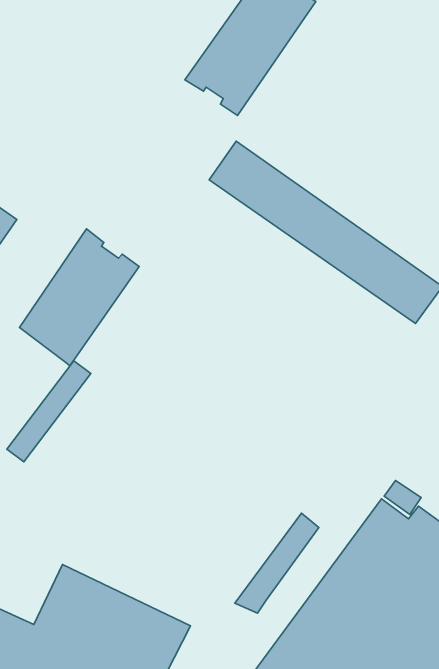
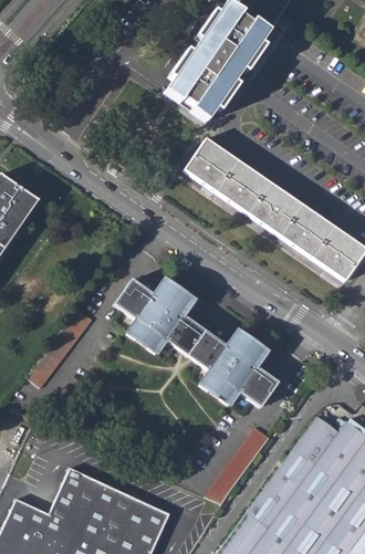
building: [20,229,139,366] -> none
building: none -> [115,281,279,408]

